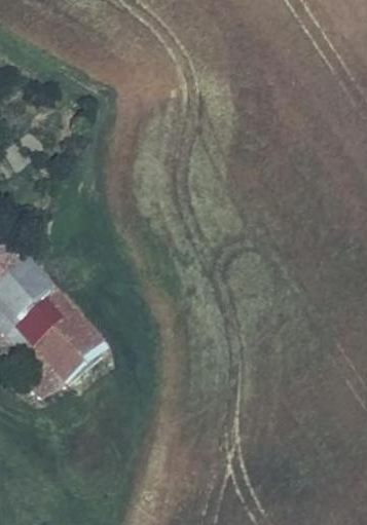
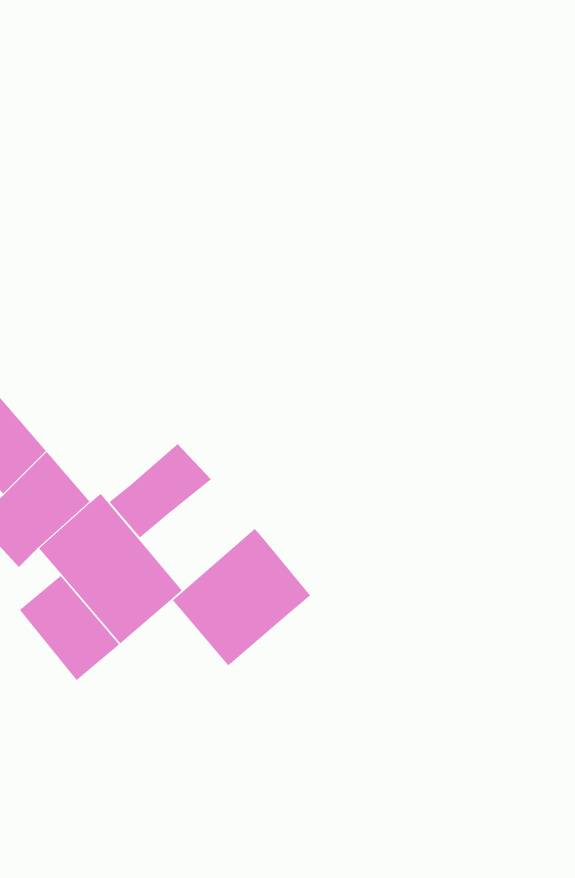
building: none -> [109,443,212,539]
building: none -> [172,528,311,666]

